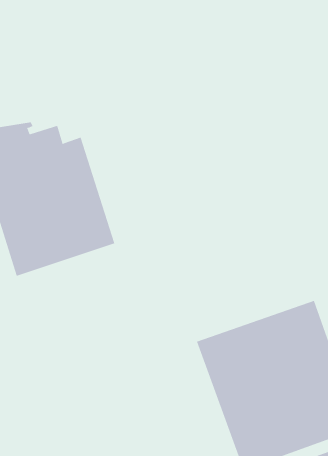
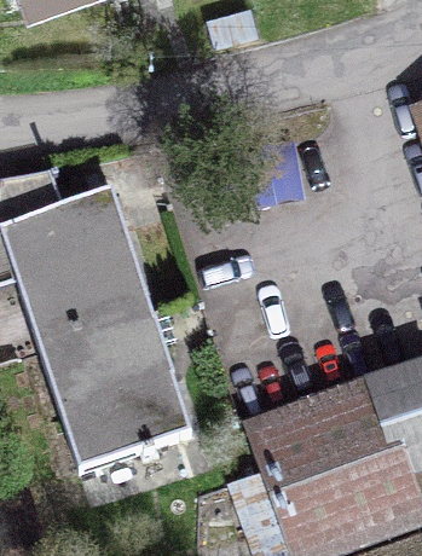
building: none -> [39,309,191,469]

